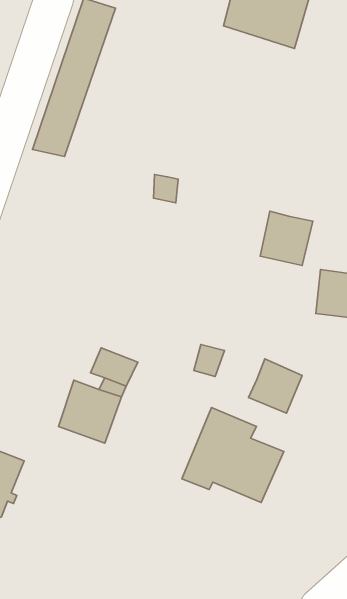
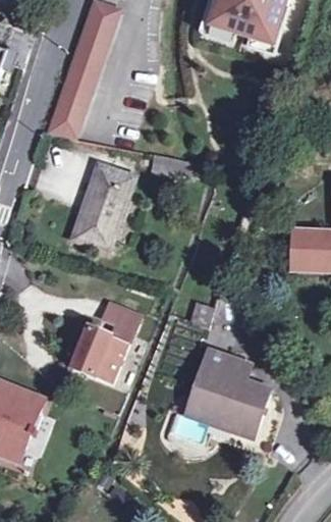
building: none -> [66,163,126,249]
building: [260,211,313,265] -> none
building: [248,359,302,413] -> none

